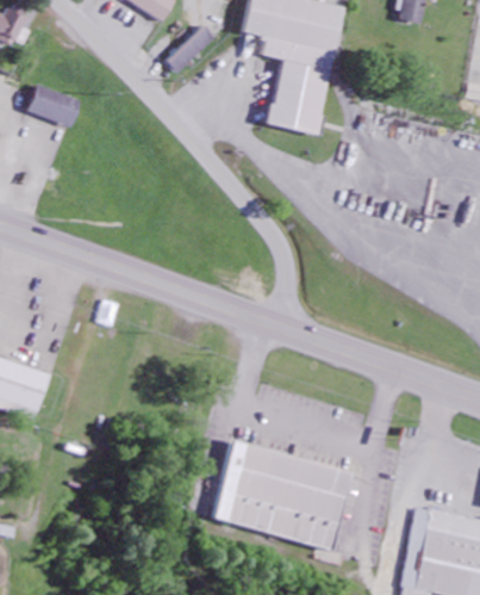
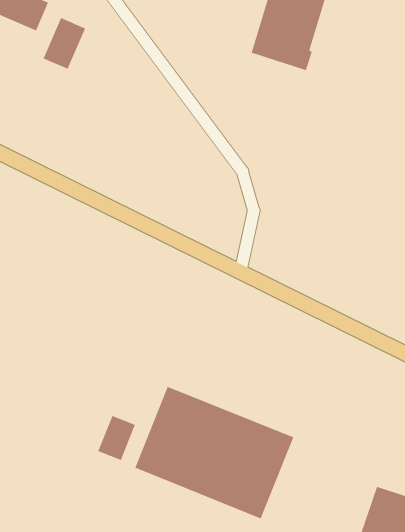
building: none -> [43,17,86,70]
building: none -> [98,415,136,461]

